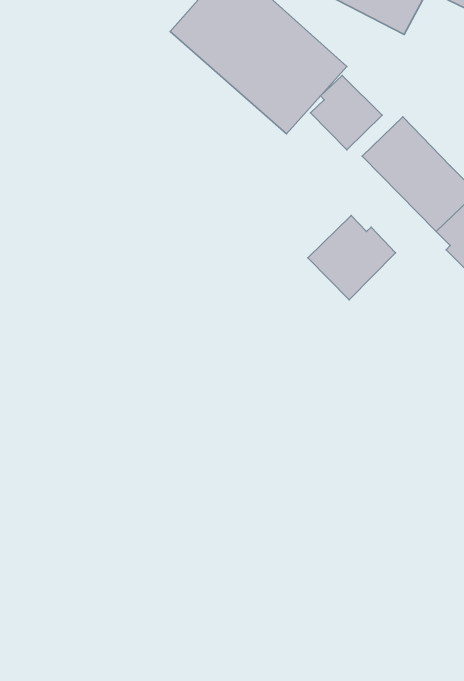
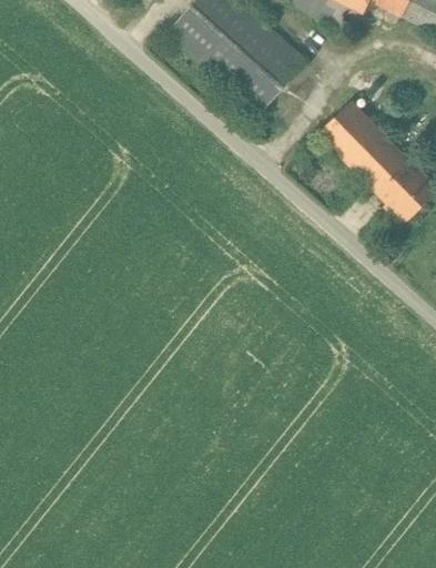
building: [311,75,382,150] -> none
building: [308,215,396,300] -> none

